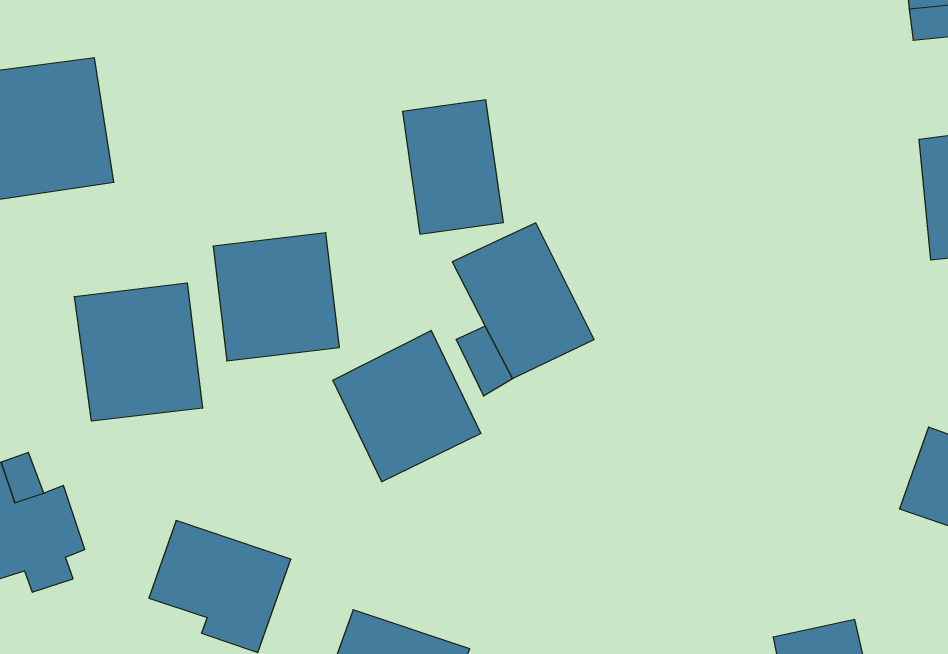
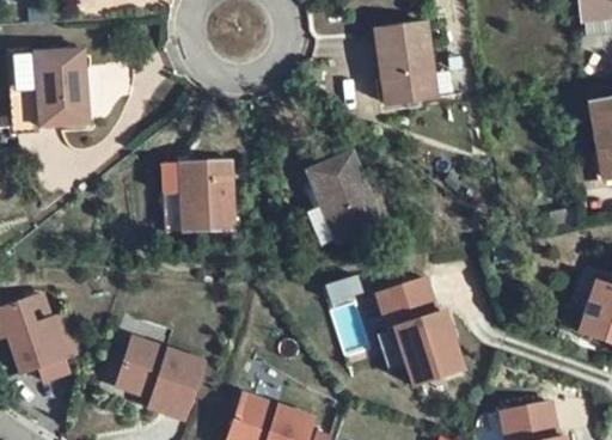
building: [402,100,503,234] -> [382,23,445,105]
building: [74,283,202,421] -> none
building: [333,330,481,482] -> none
building: none -> [377,274,463,380]

